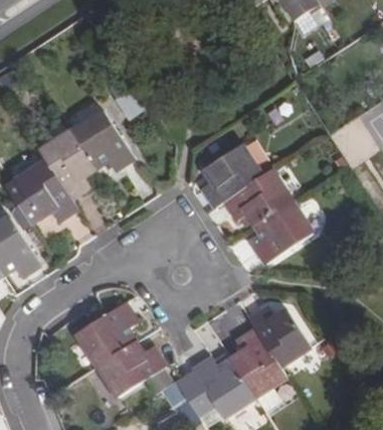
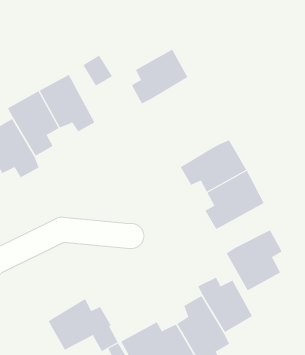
building: [200,145,258,204] -> [131,49,188,104]
building: none -> [226,229,283,291]
building: [75,304,135,367] -> none

